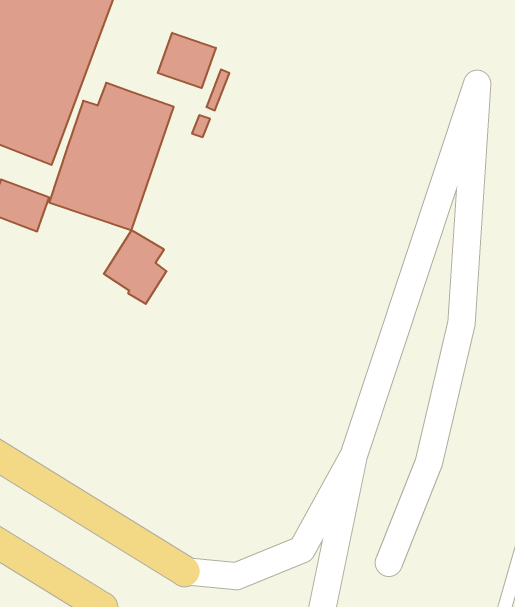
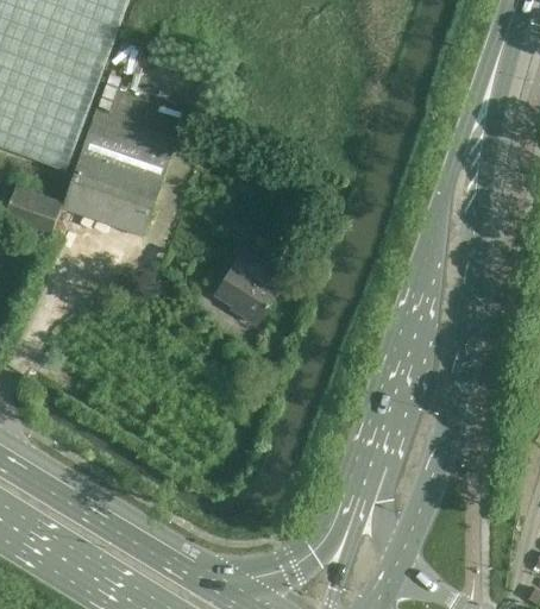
building: [158,33,216,88] -> none
building: [104,230,167,304] -> [214,251,276,324]

